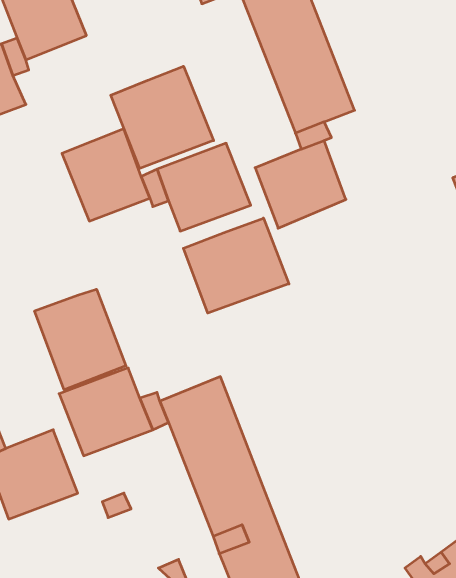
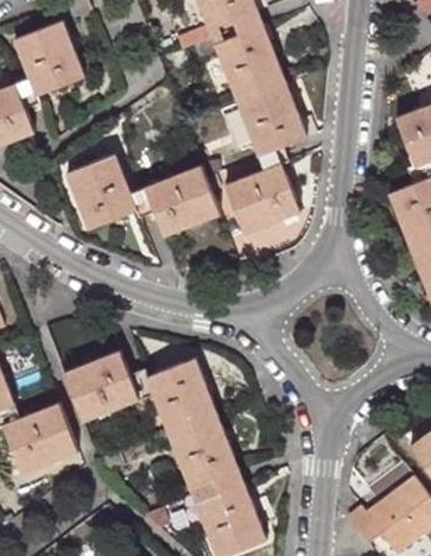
building: [111,66,214,168] -> none
building: [183,218,289,313] -> none
building: [35,289,126,390] -> none

